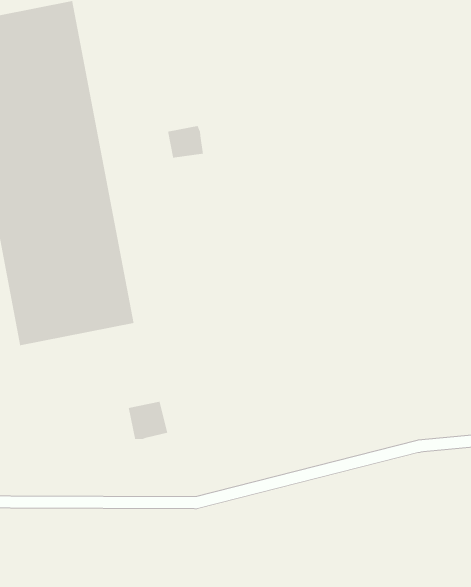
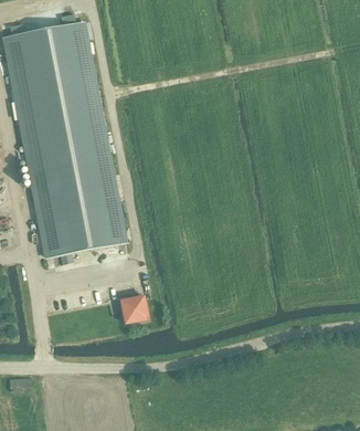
building: [167,125,204,159] -> none

